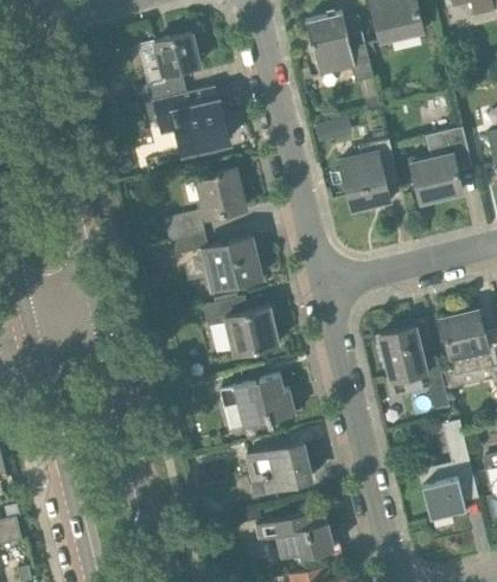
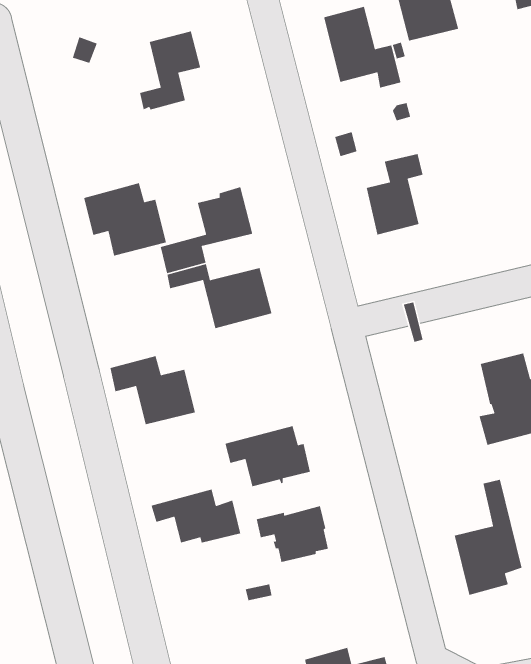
building: [157,89,229,153] -> [83,182,167,256]
building: [410,128,472,203] -> none
building: [204,295,279,356] -> [109,355,196,425]
building: [380,326,450,410] -> none
building: [256,511,334,558] -> [150,489,241,544]

